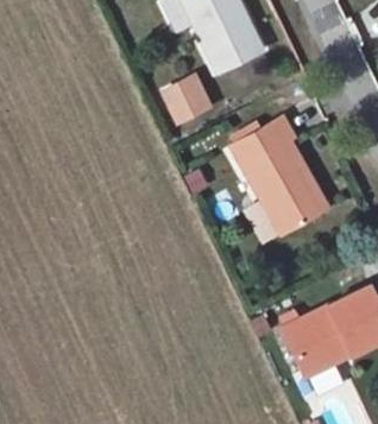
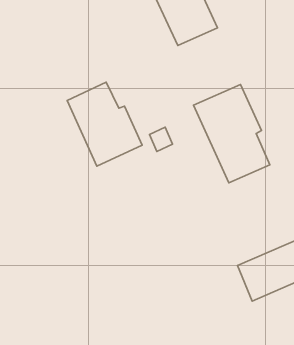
building: [159,71,215,127] -> none
building: none -> [67,82,142,166]

